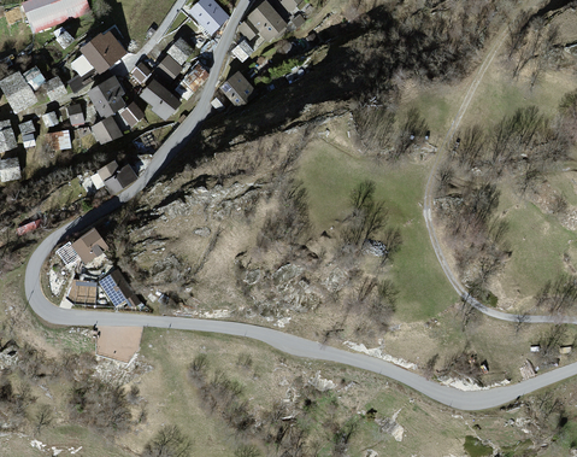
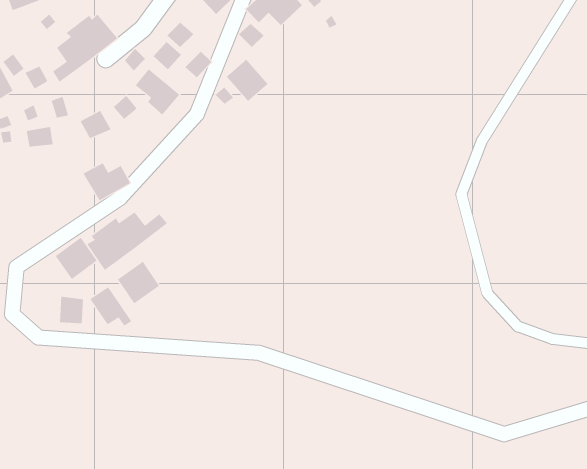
building: [88,76,125,118] -> none
building: none -> [87,212,168,271]
building: none -> [117,261,160,304]

